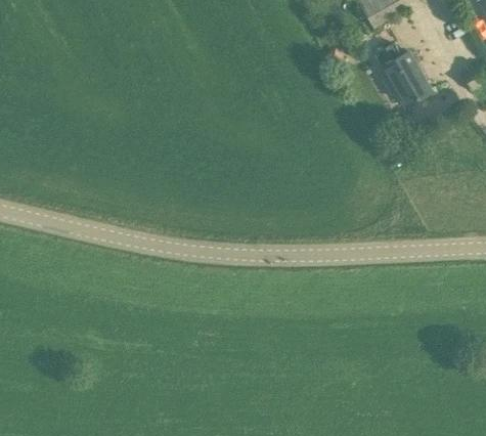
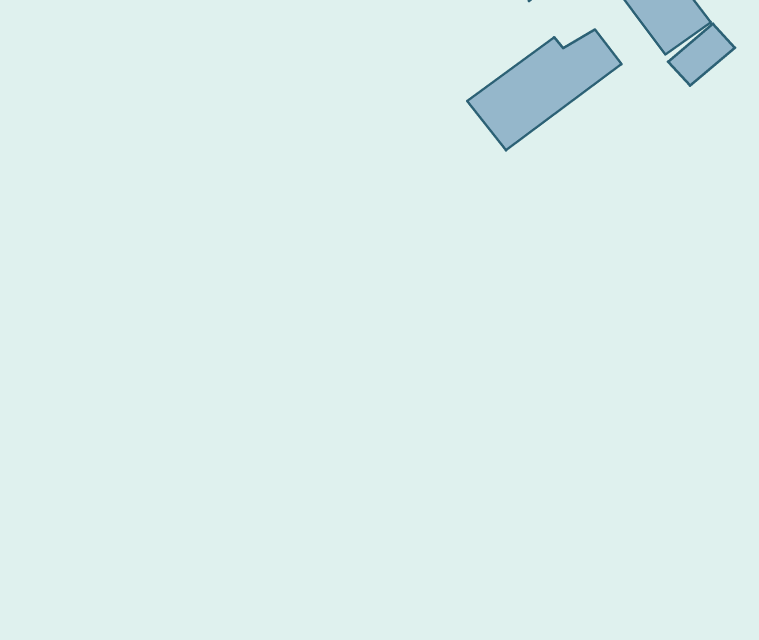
building: none -> [467,30,621,150]

